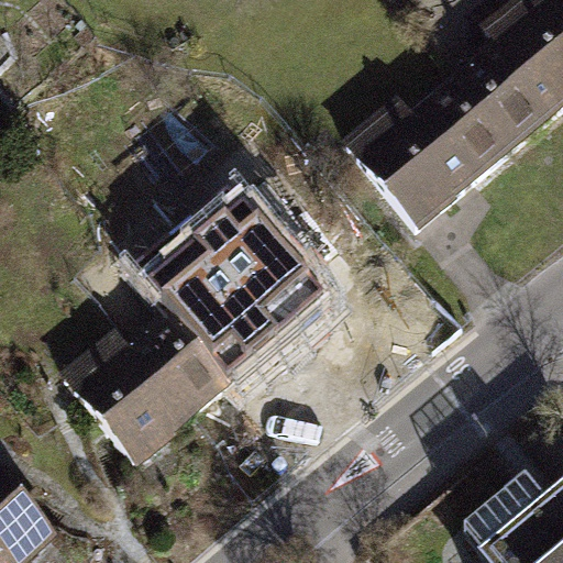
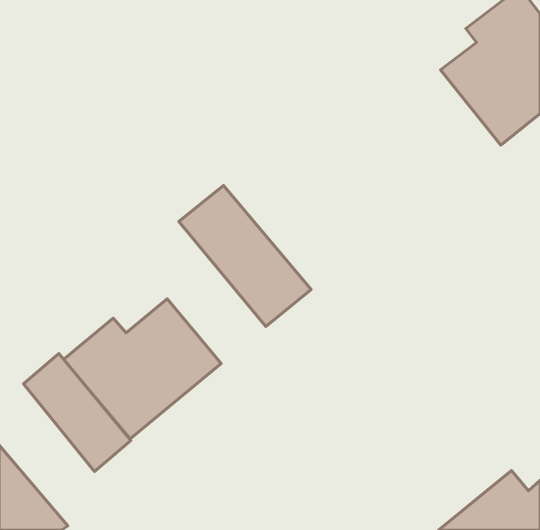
building: [344,73,520,229] -> none
building: [140,230,276,377] -> none
building: none -> [23,354,131,471]

